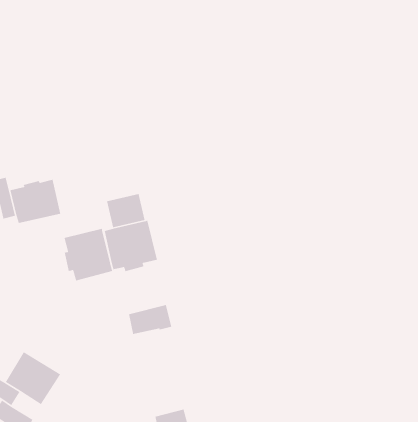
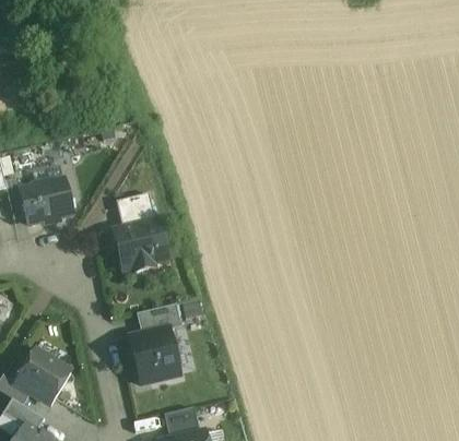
building: [64,228,113,282] -> none
building: none -> [131,329,180,384]

